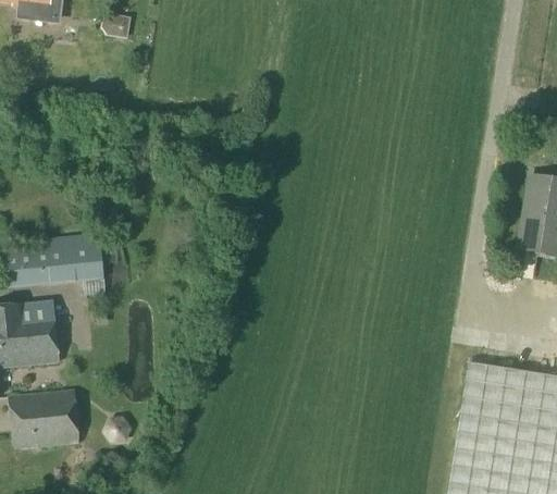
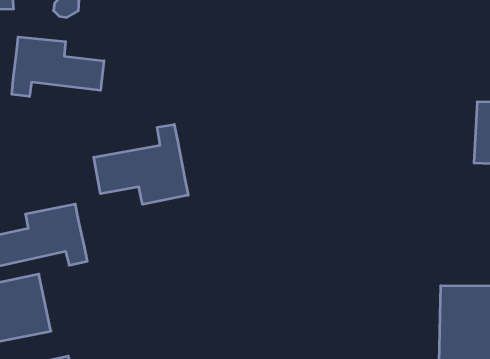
building: none -> [12,37,104,97]
building: none -> [94,124,188,204]

